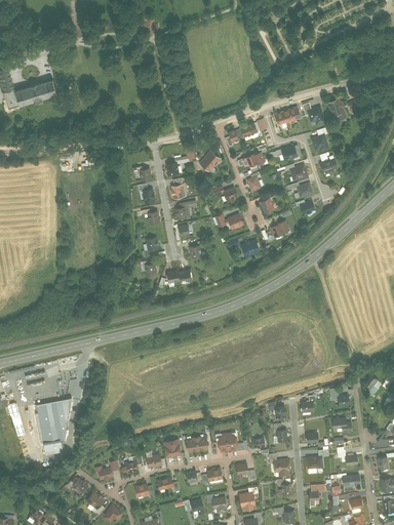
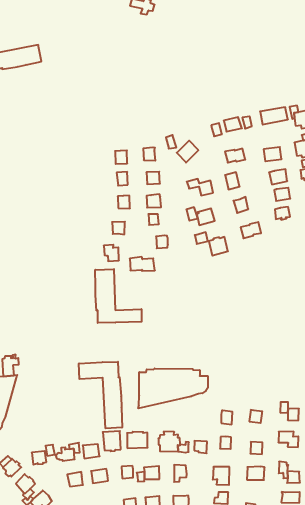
building: none -> [95,269,142,323]
building: none -> [138,368,208,408]
building: none -> [79,362,122,428]

